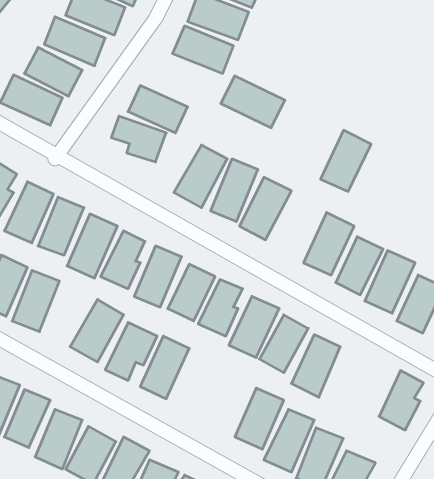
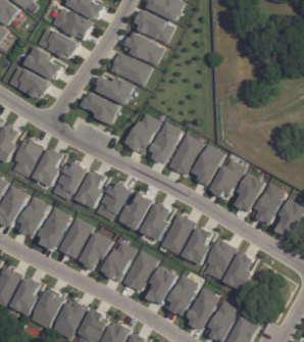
building: [221,76,285,128] -> [108,51,151,86]
building: [321,130,371,191] -> [190,144,223,185]
building: none -> [36,207,68,249]
building: none -> [123,250,155,292]
building: [379,371,423,430] -> [222,251,252,291]
building: none -> [144,266,174,305]

